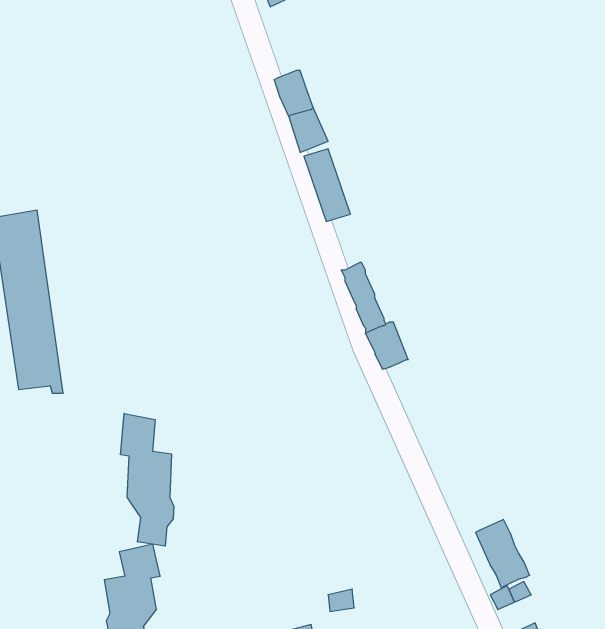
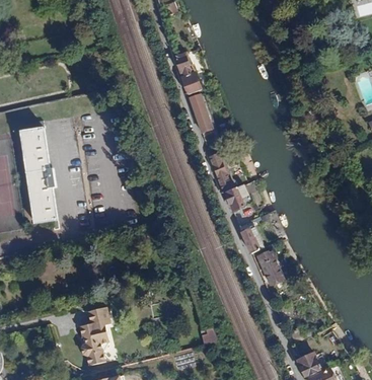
building: none -> [239,226,264,252]
building: [121,413,174,546] -> none
building: [476,519,530,588] -> [255,248,285,286]

